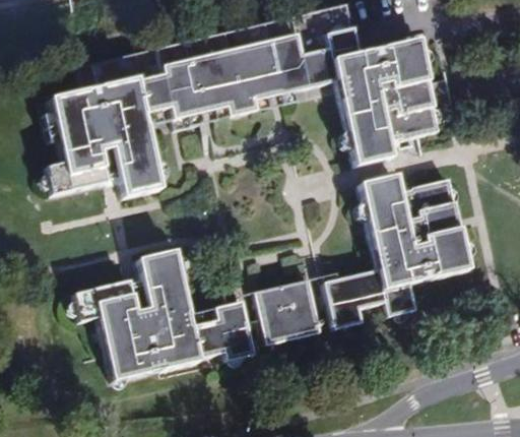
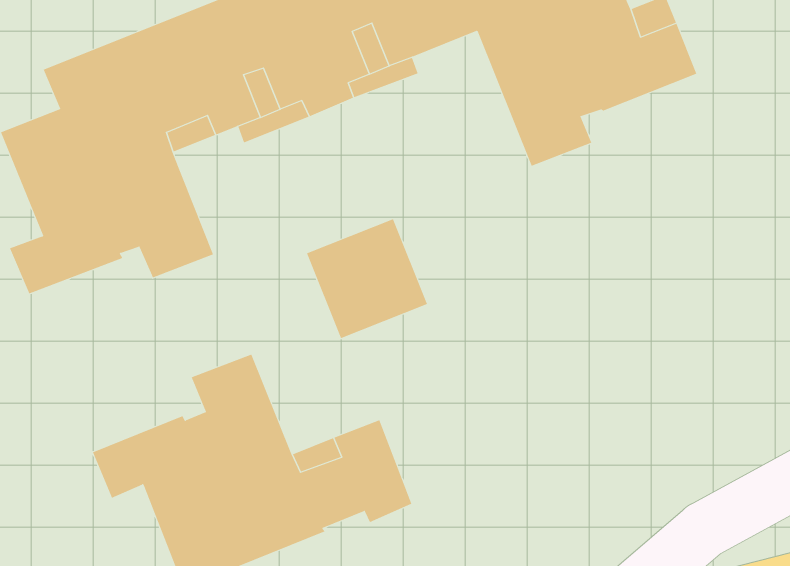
building: [325,176,468,327] -> none
building: [256,280,322,346] -> [306,218,428,339]

